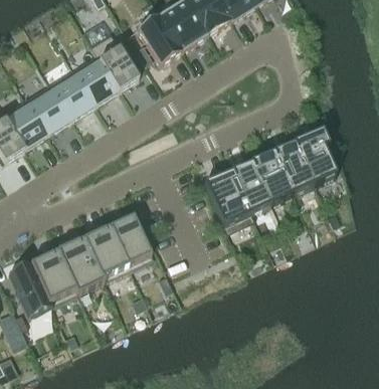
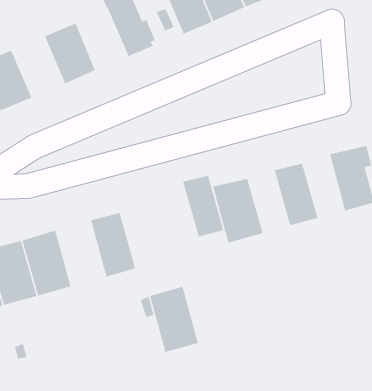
building: [73,53,120,105] -> none
building: [25,83,72,135] -> none
building: [273,141,314,194] -> none
building: [231,161,271,213] -> [182,174,224,237]
building: [84,225,131,281] -> [149,286,199,353]

